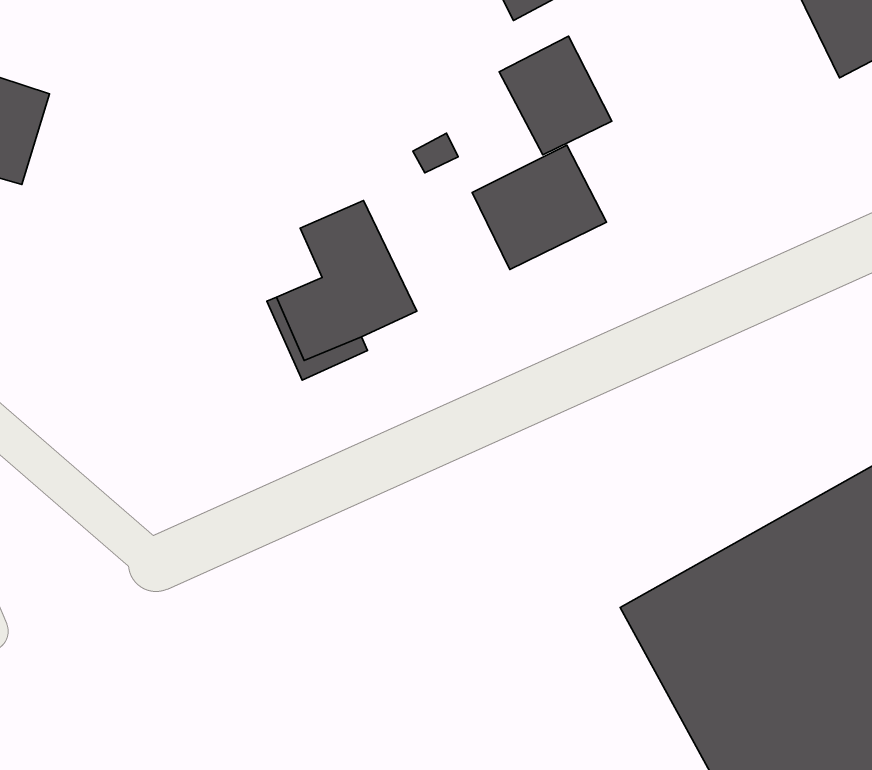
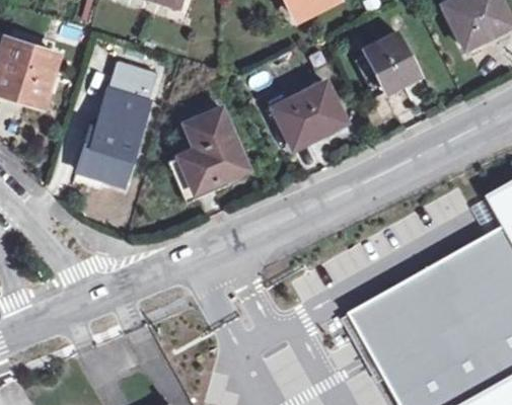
building: [499,36,612,155] -> [364,29,422,90]
building: none -> [81,60,158,184]

